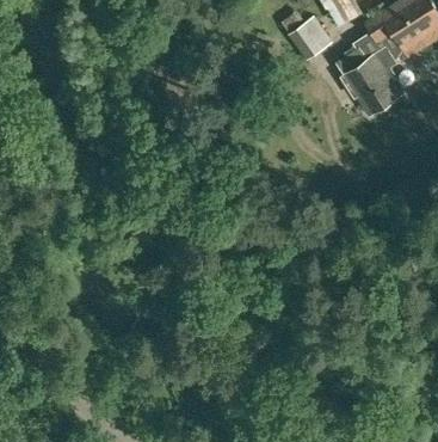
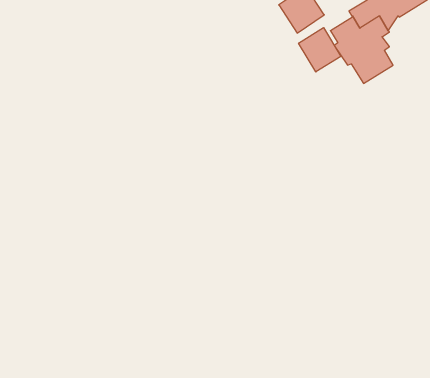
building: none -> [299,28,341,72]

